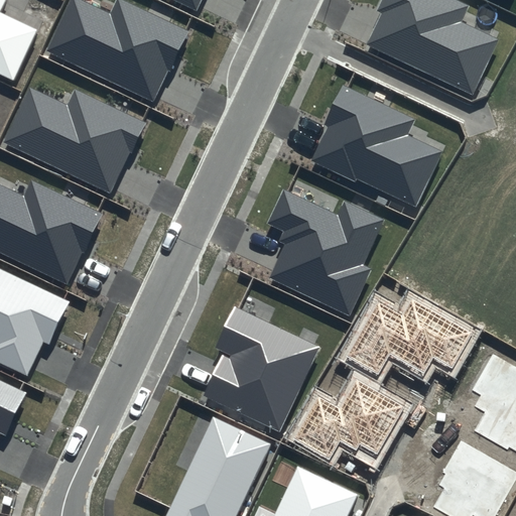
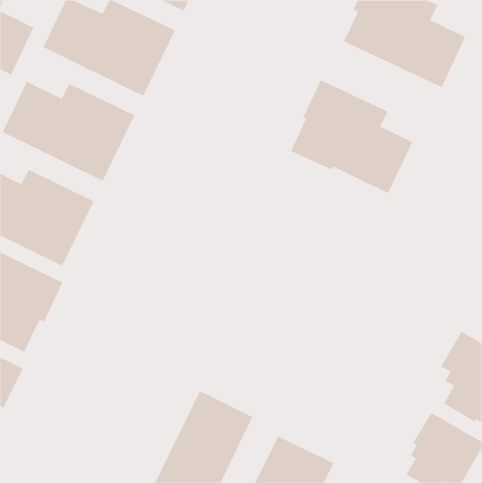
building: [266,188,383,314] -> none
building: [344,297,473,375] -> none
building: [202,306,319,432] -> none
building: [291,379,403,461] -> none

